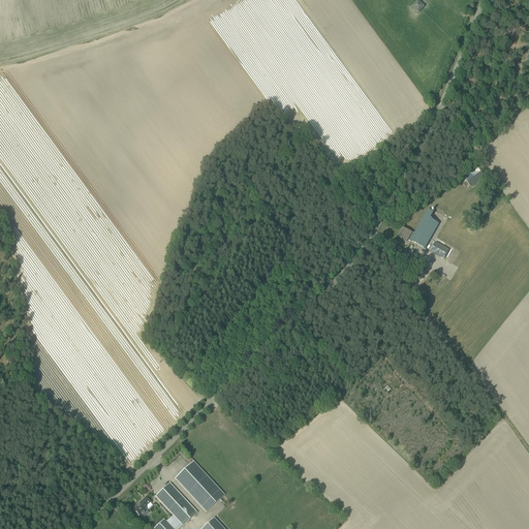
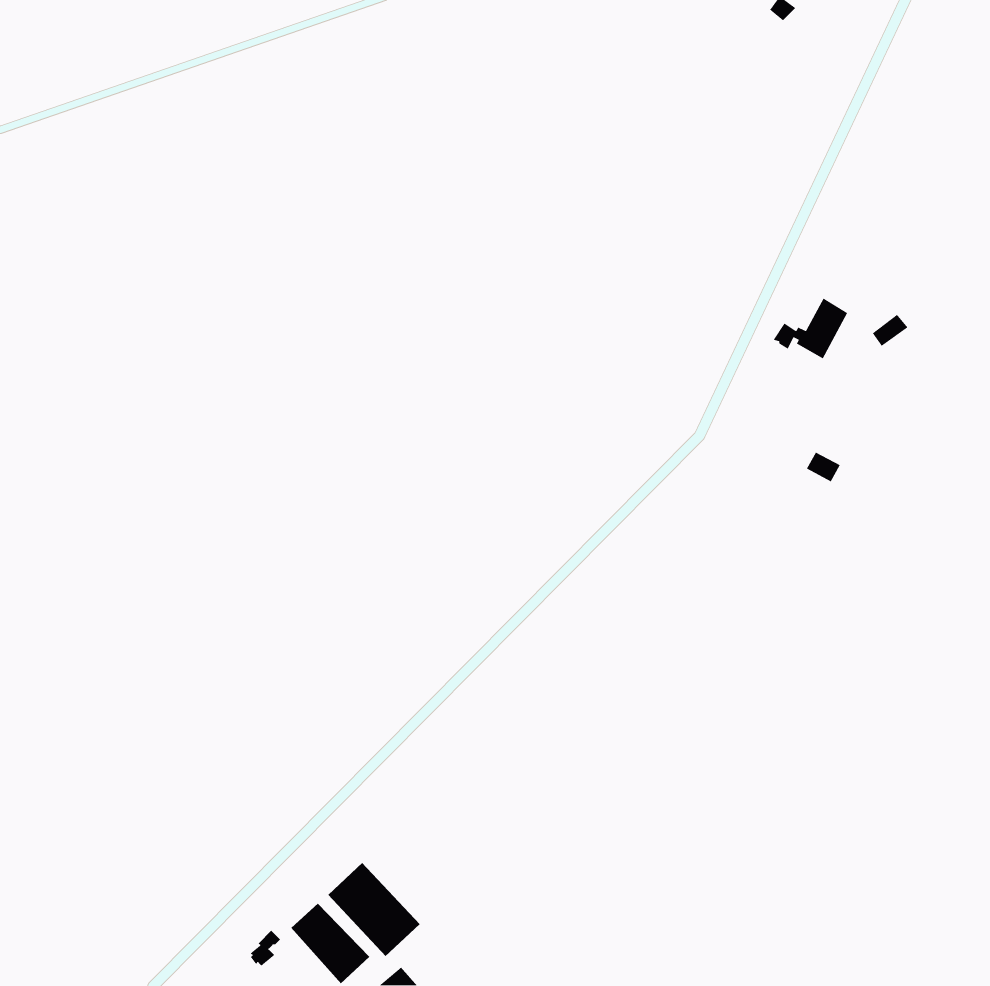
building: [398,214,438,247] -> [773,297,848,359]

